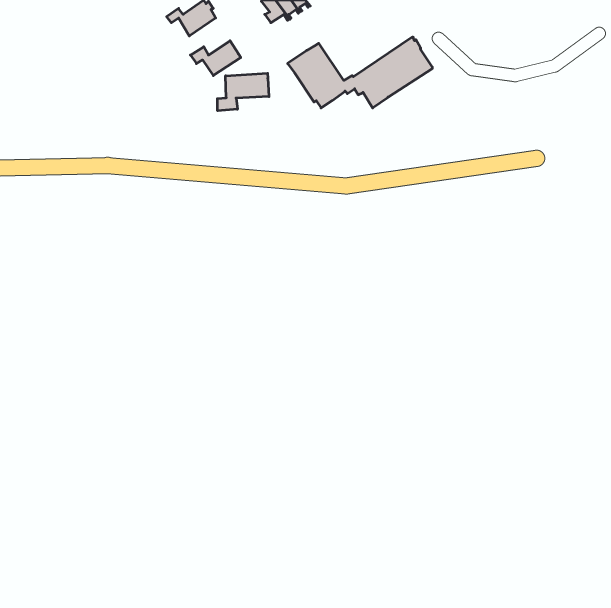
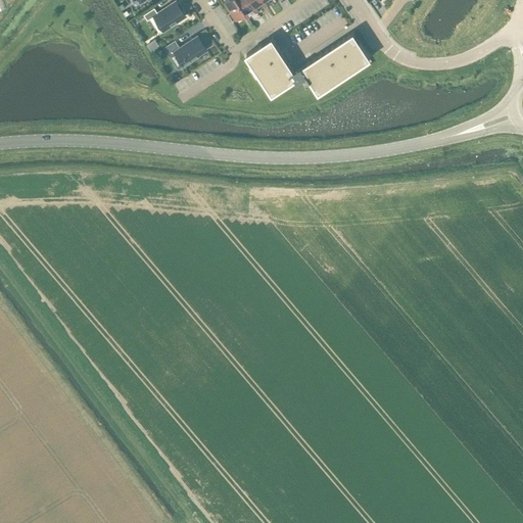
building: [217,73,269,111] -> none

